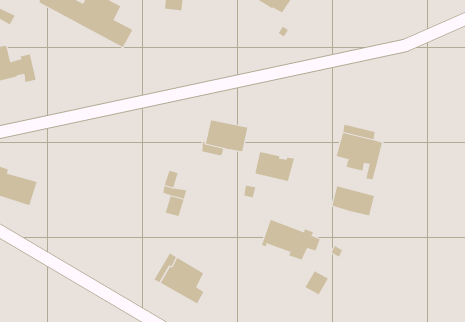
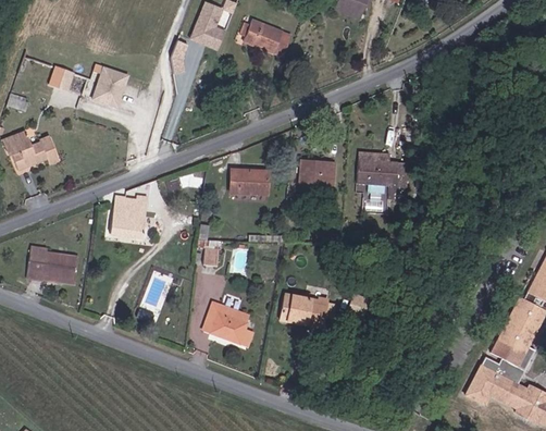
building: none -> [110,196,148,238]
building: [254,151,295,182] -> [300,160,336,184]
building: [332,186,374,216] -> none
building: [261,219,321,260] -> [281,294,336,328]

